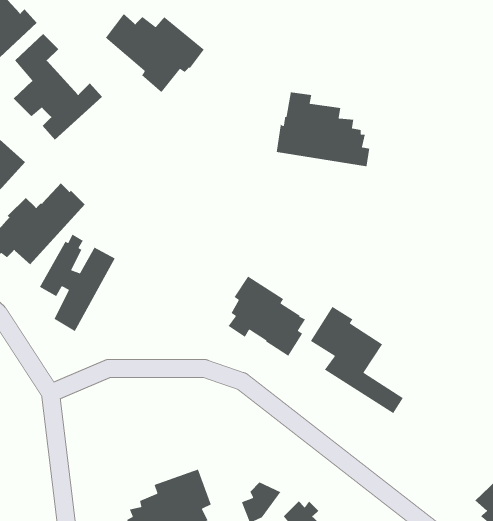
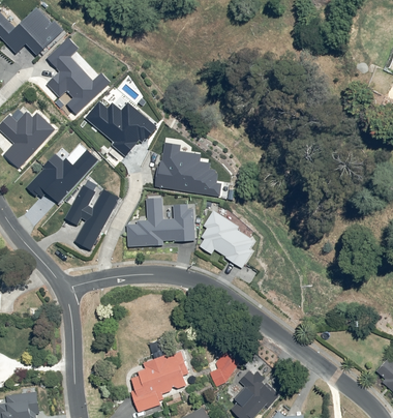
building: [105,13,205,93] -> [86,100,157,157]
building: [276,92,370,167] -> [155,143,222,197]
building: none -> [127,198,195,246]
building: [310,306,404,414] -> none

